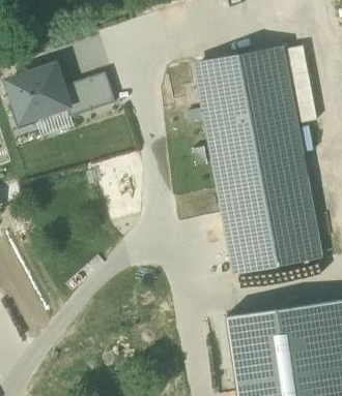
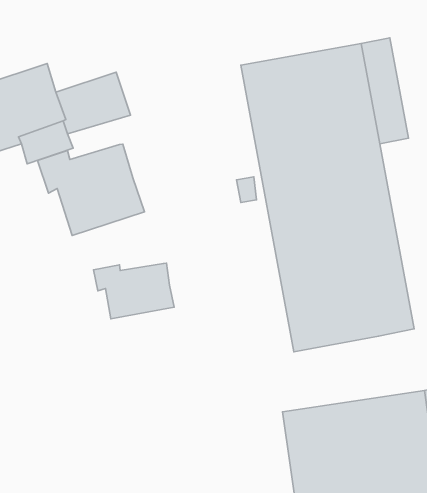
building: none -> [38,144,145,236]
building: none -> [94,263,174,319]

